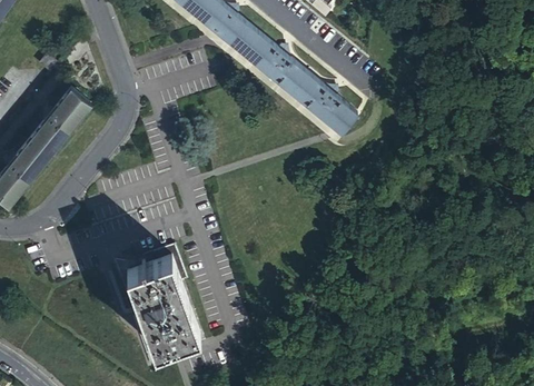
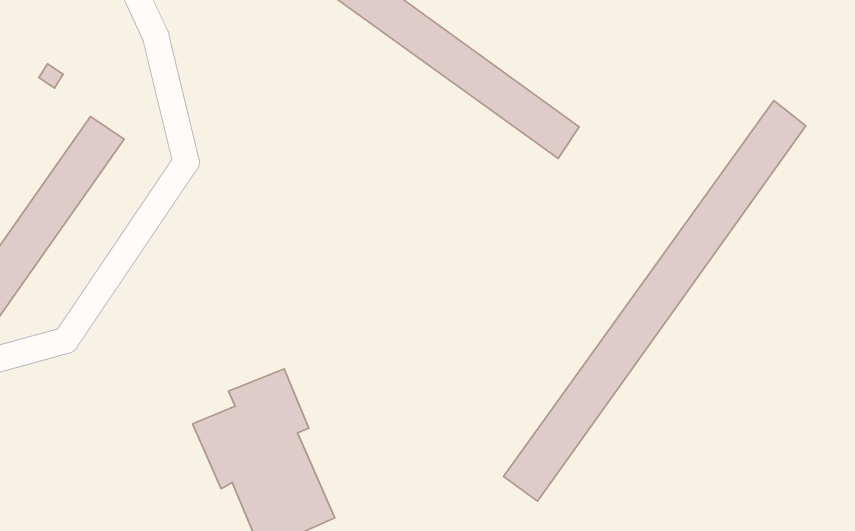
building: none -> [503,101,806,501]

